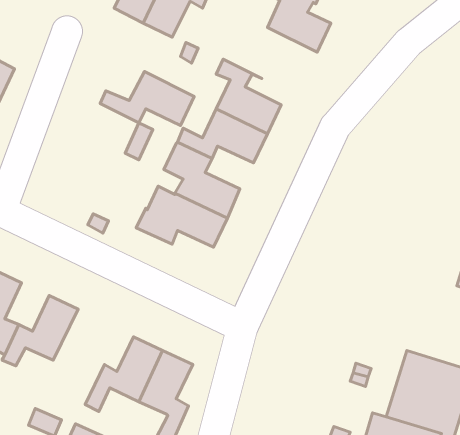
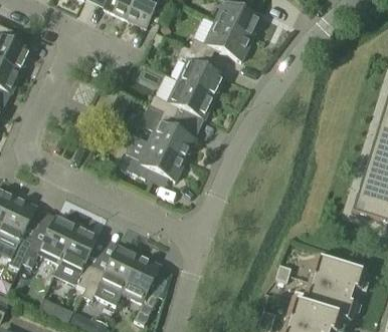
building: [100,72,194,125] -> [183,20,251,59]
building: none -> [59,225,99,294]

